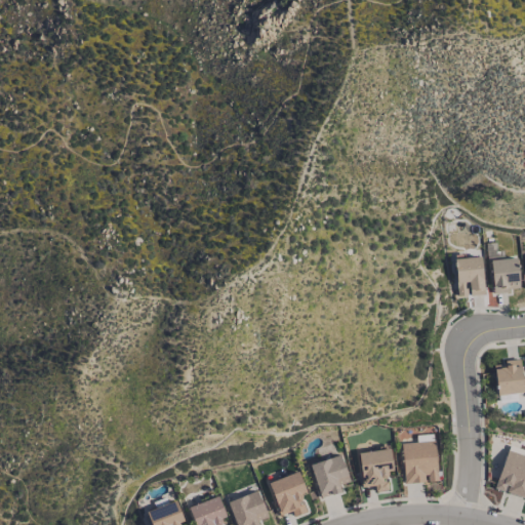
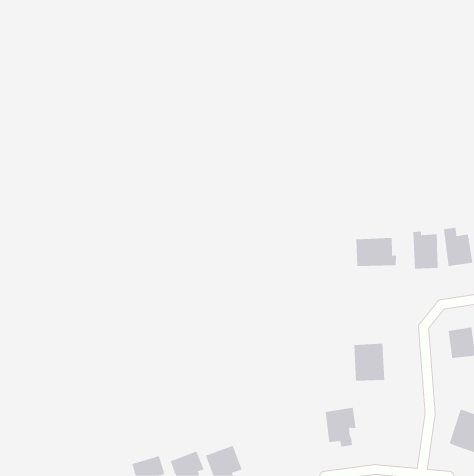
building: none -> [356,237,396,267]
building: [404,441,439,483] -> [353,343,385,381]
building: [311,454,352,498] -> none
building: [270,472,310,517] -> none

